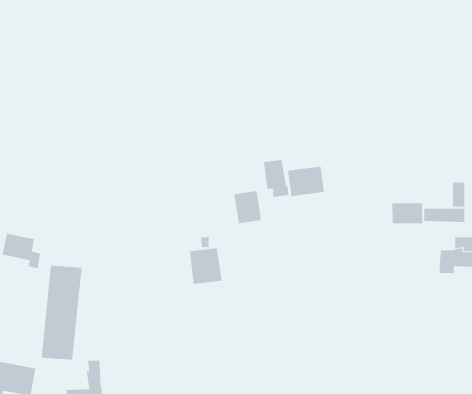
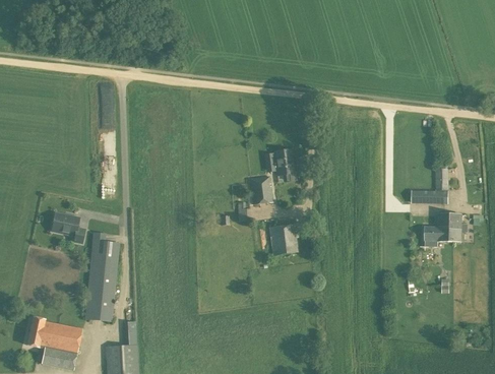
building: [288,166,324,197] -> none
building: [392,202,423,224] -> none
building: [189,248,222,285] -> [268,223,297,254]

